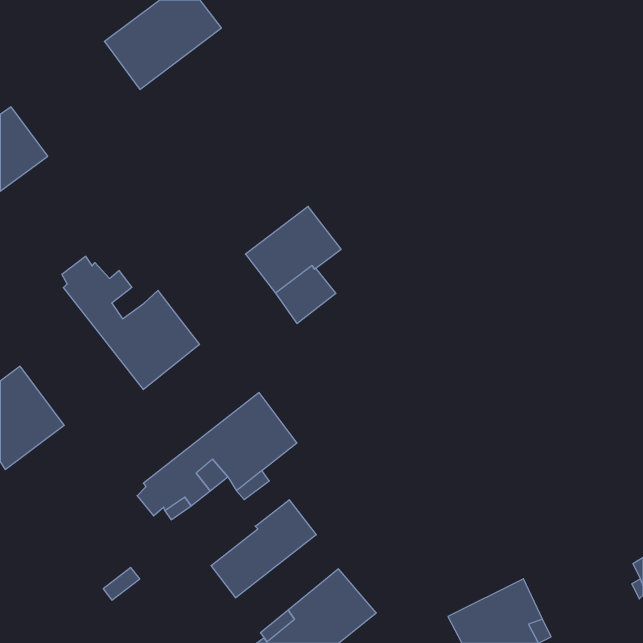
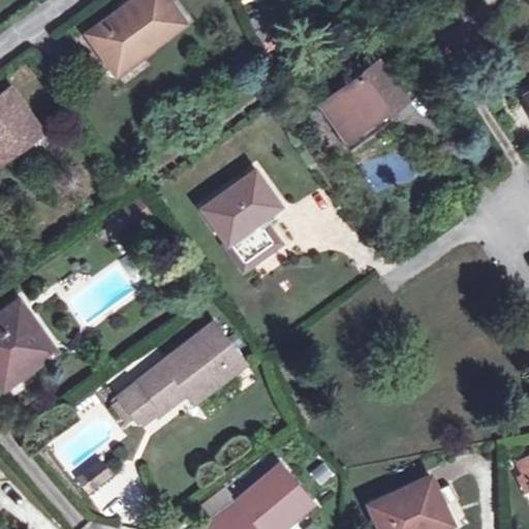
building: none -> [320,62,405,152]
building: [62,256,199,390] -> none
building: [211,500,316,598] -> none

